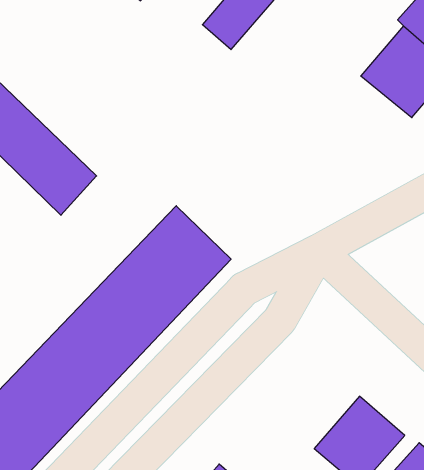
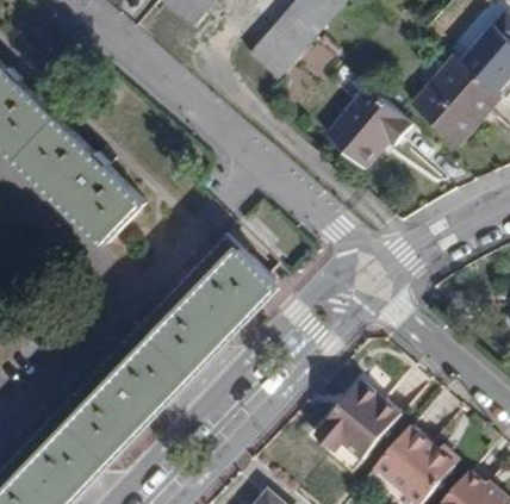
building: none -> [323,83,409,166]
building: none -> [309,365,398,469]

